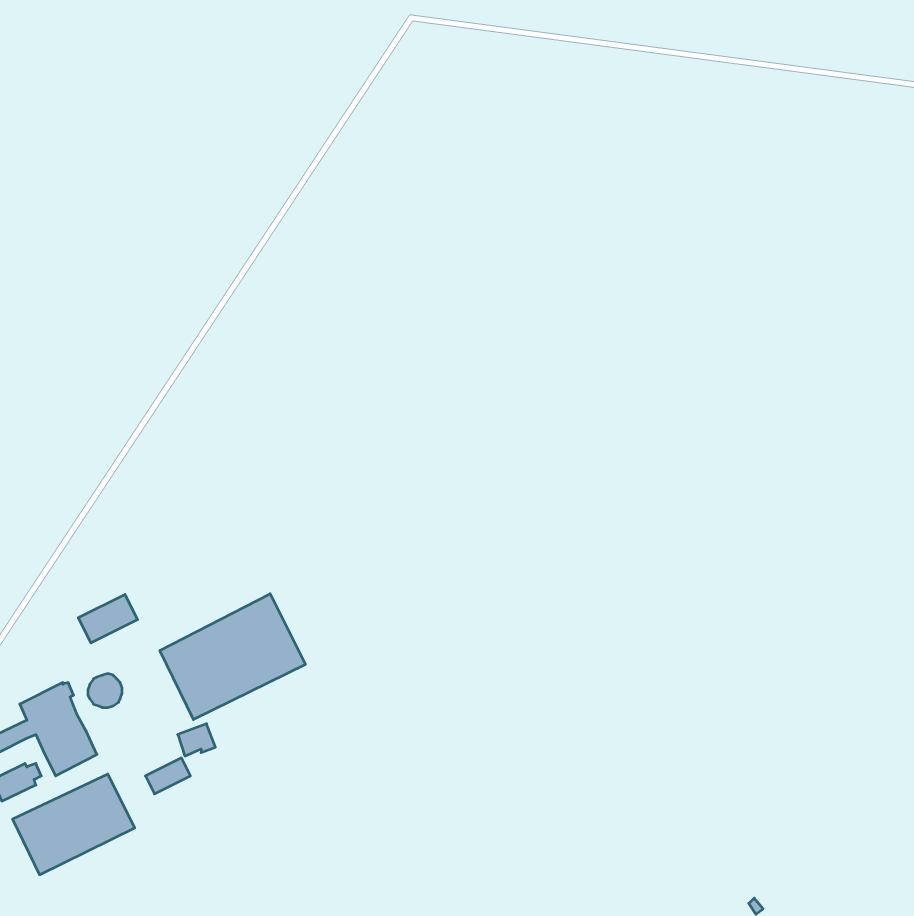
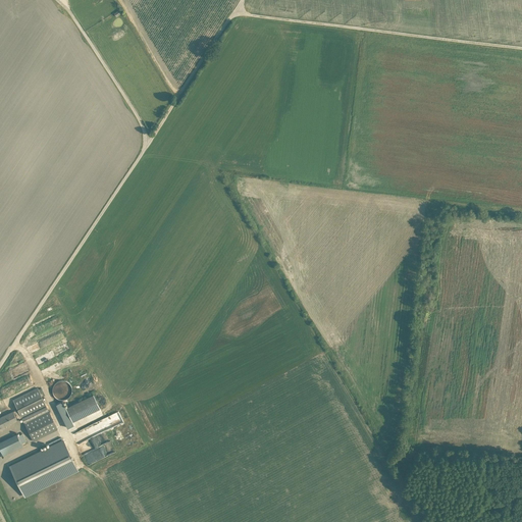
building: [160,594,305,720] -> none
building: [78,594,138,643] -> [64,395,98,422]

